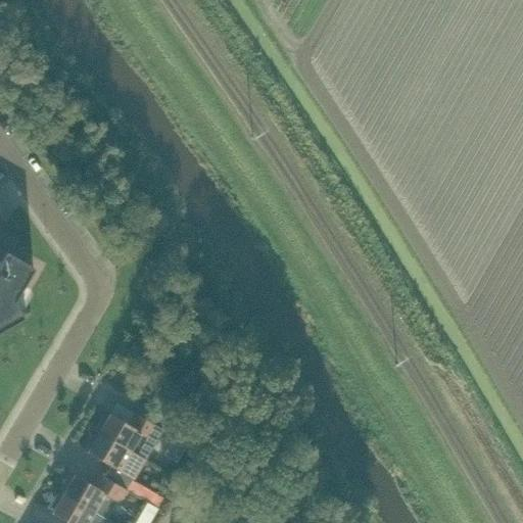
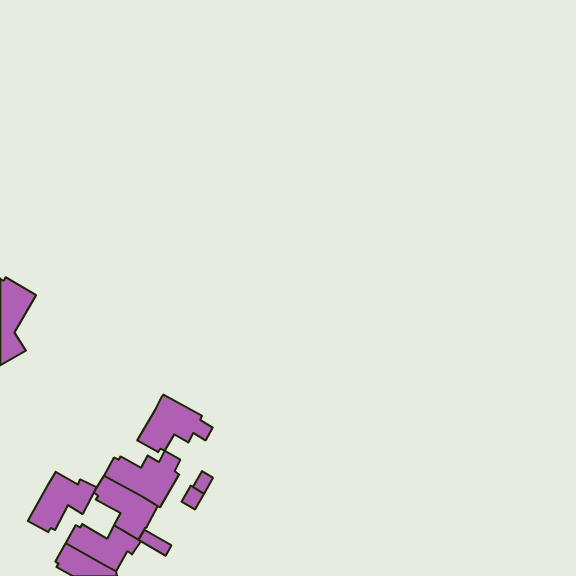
building: none -> [137,395,213,452]
building: none -> [28,472,97,532]

